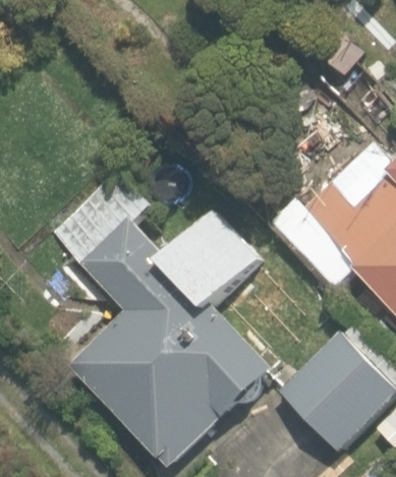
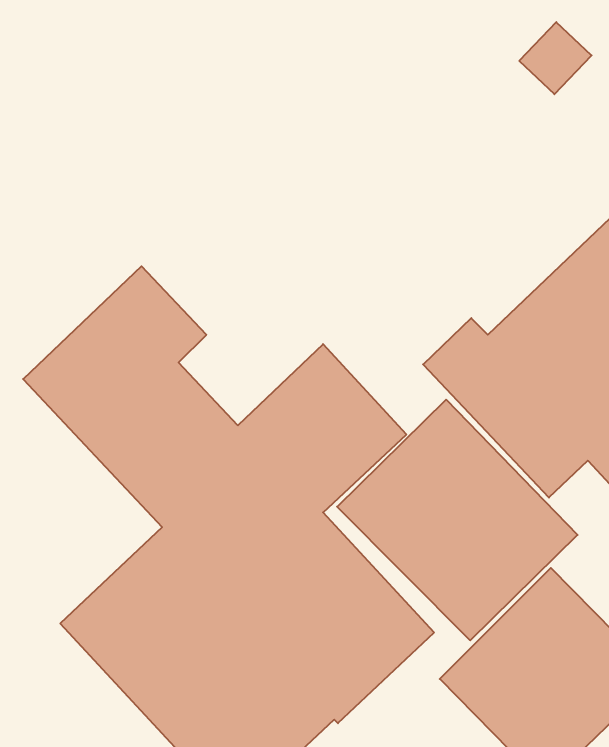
building: none -> [337,400,578,640]

